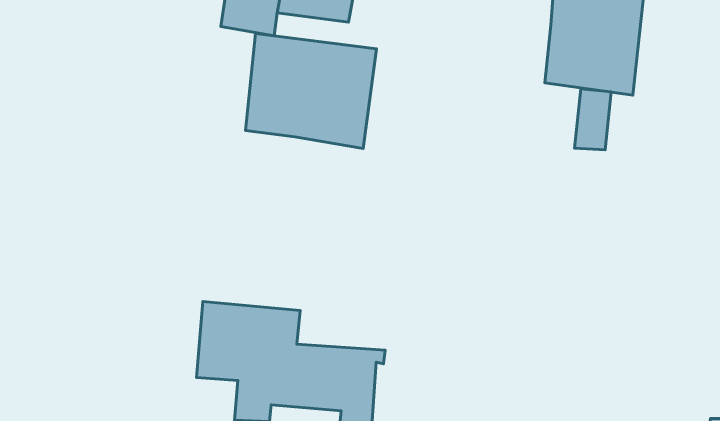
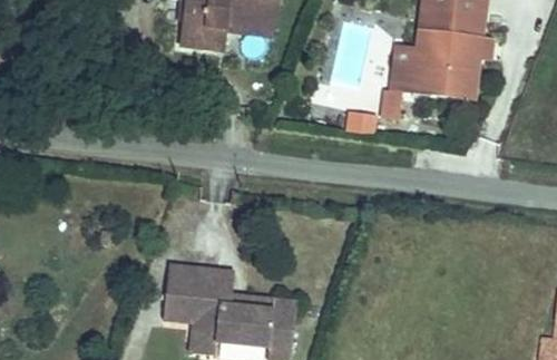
building: [245,33,377,148] -> none
building: [575,89,611,150] -> [392,48,419,93]

